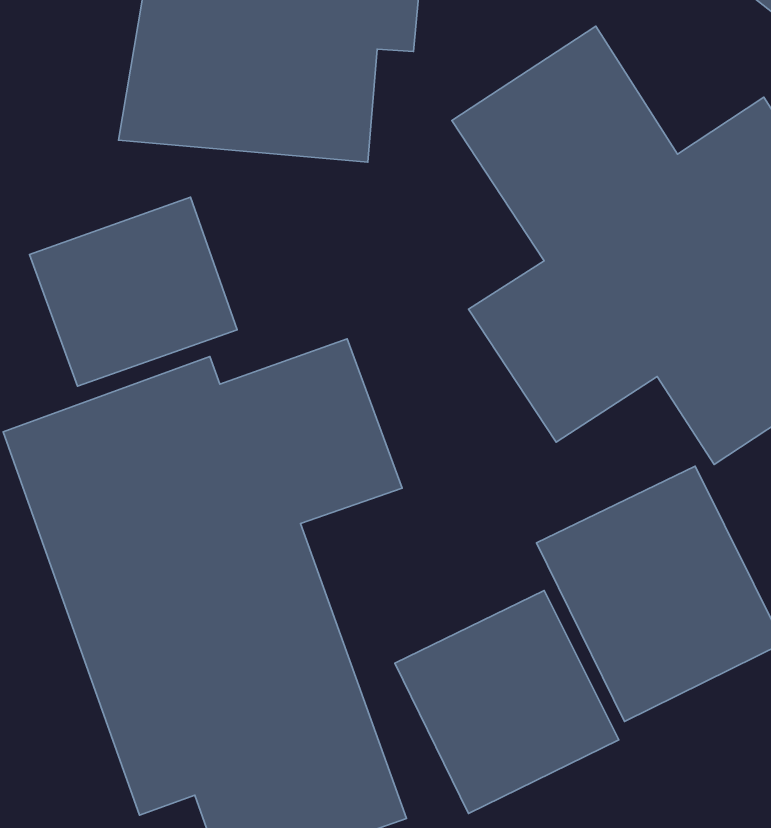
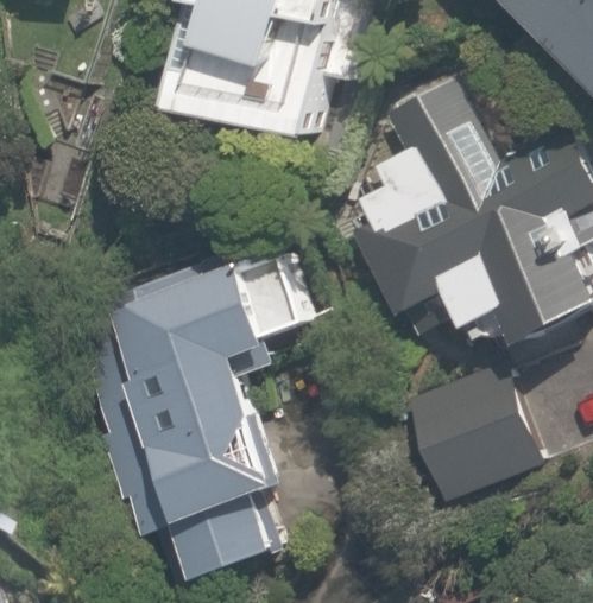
building: [29,197,237,386] -> none
building: [395,590,619,814] -> none

